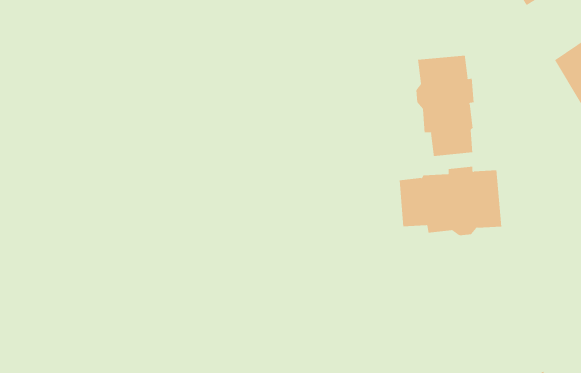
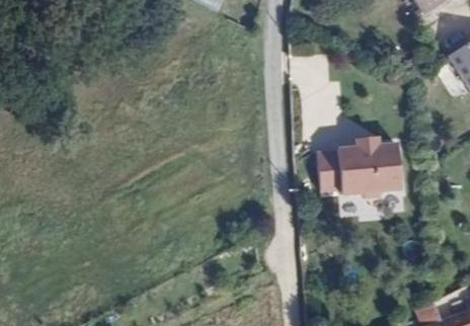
building: [416,55,474,157] -> none

